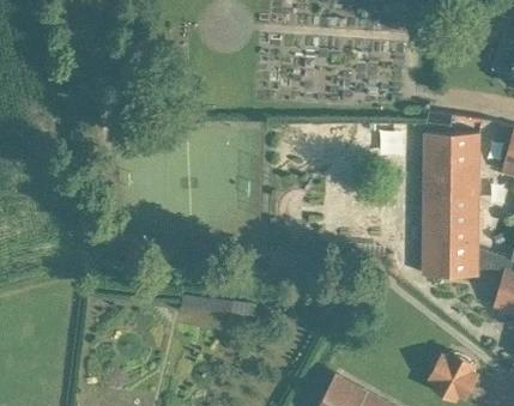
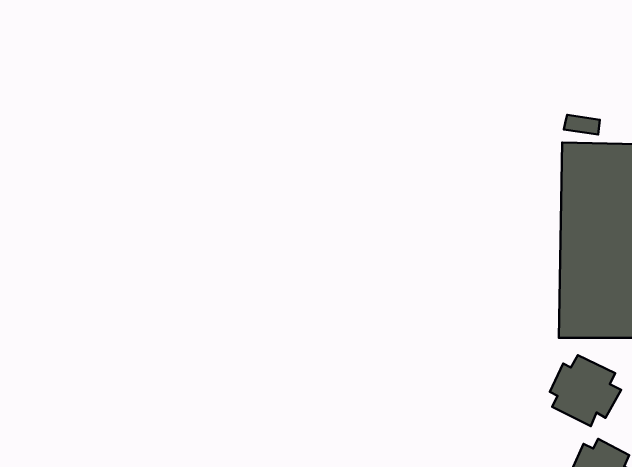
building: none -> [550,355,621,426]

